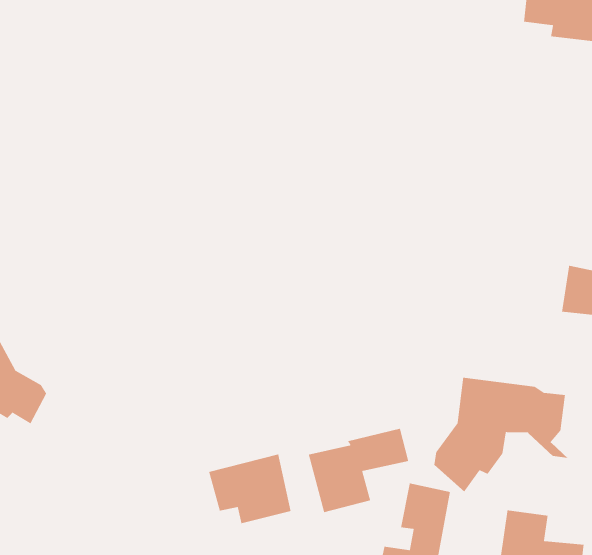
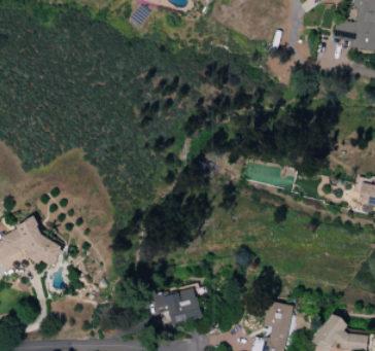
building: [434,377,569,492] -> none
building: [308,428,409,513] -> none

